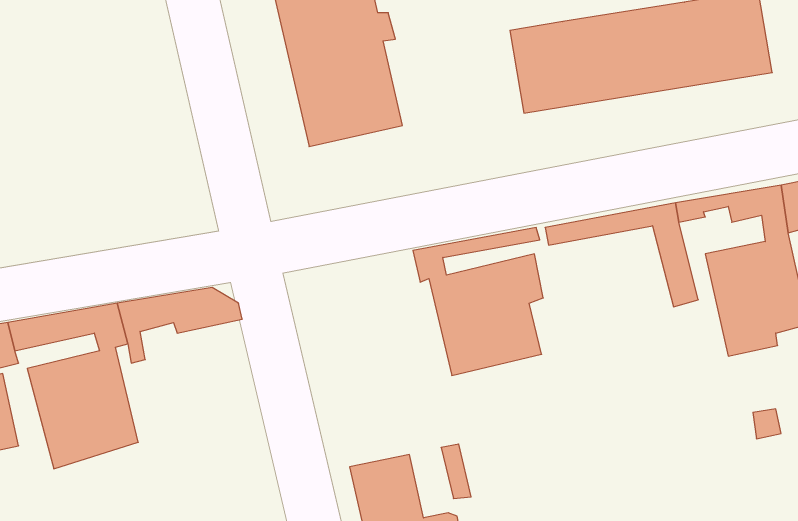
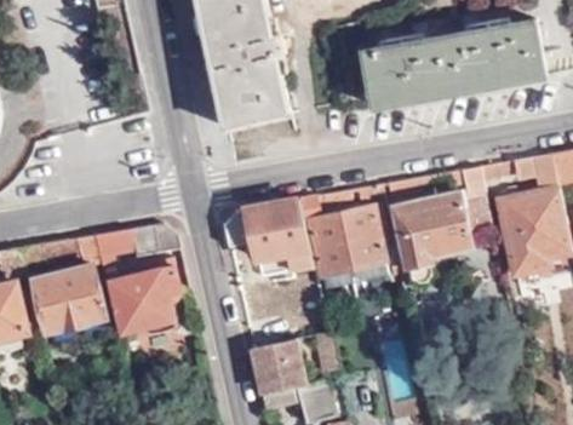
building: none -> [388,191,468,282]
building: none -> [222,200,311,271]
building: none -> [109,259,177,332]

